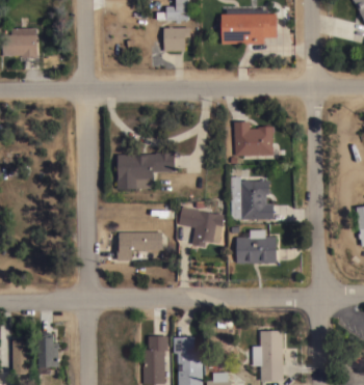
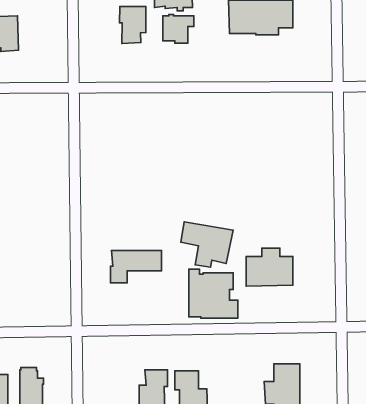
building: none -> [119,7,146,43]
building: [234,120,274,156] -> none
building: [118,152,175,188] -> none
building: [231,176,274,219] -> [189,269,238,318]

